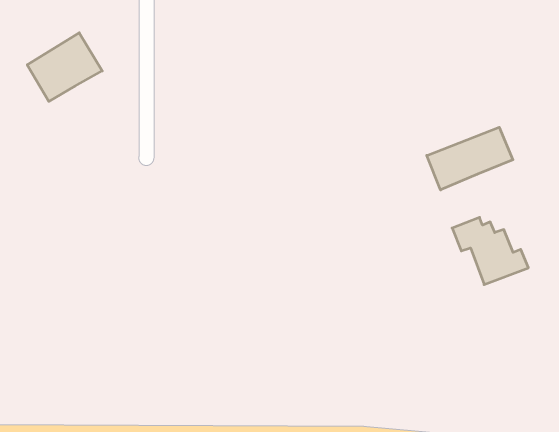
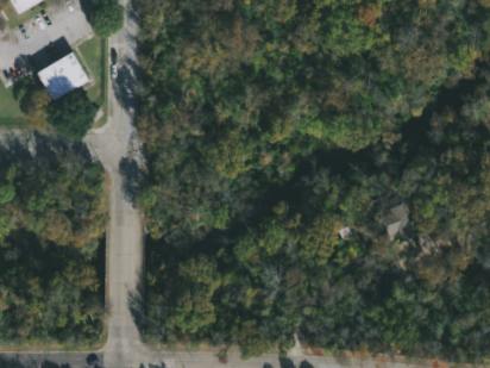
building: [427,127,513,190] -> none

